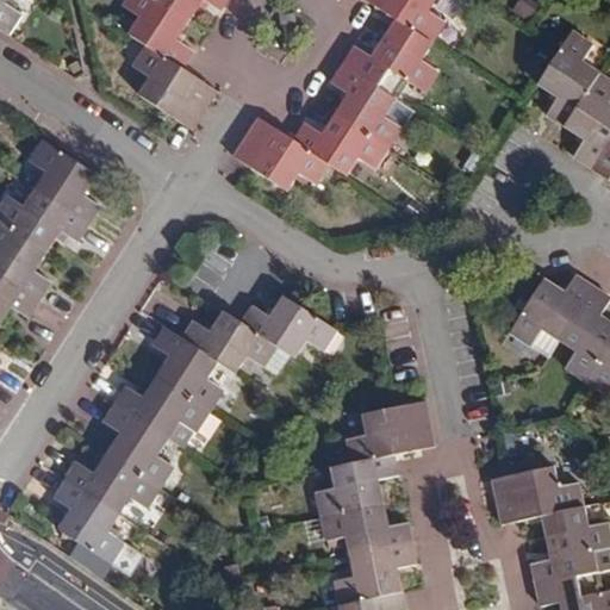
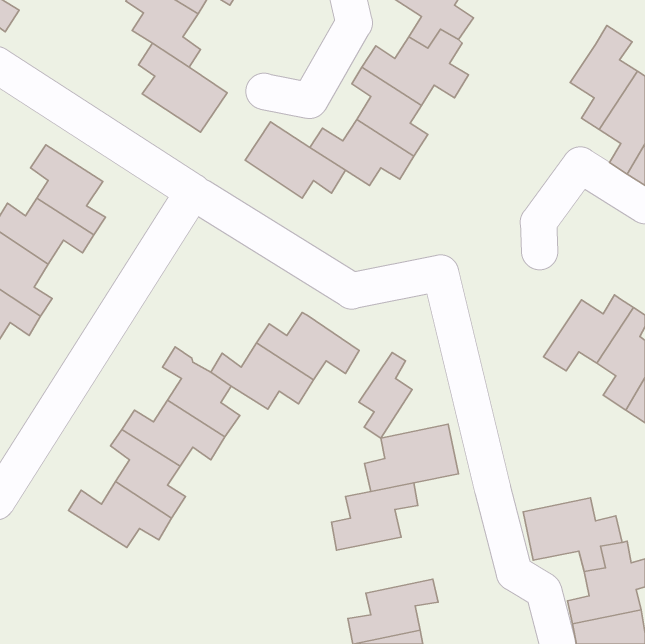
building: none -> [359,353,412,438]
building: [54,479,125,562] -> none
building: [316,504,406,556] -> none

